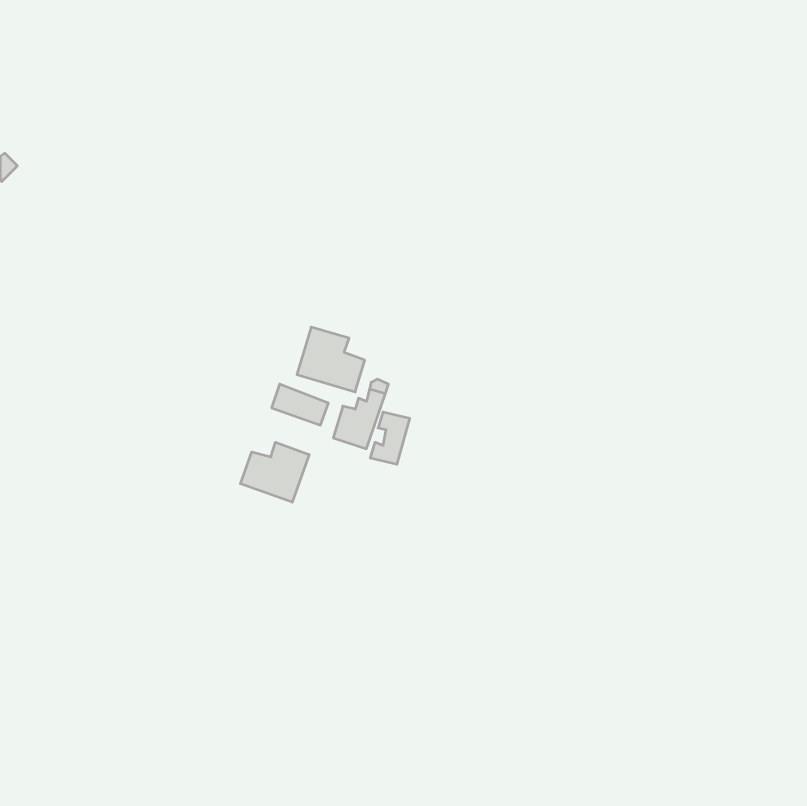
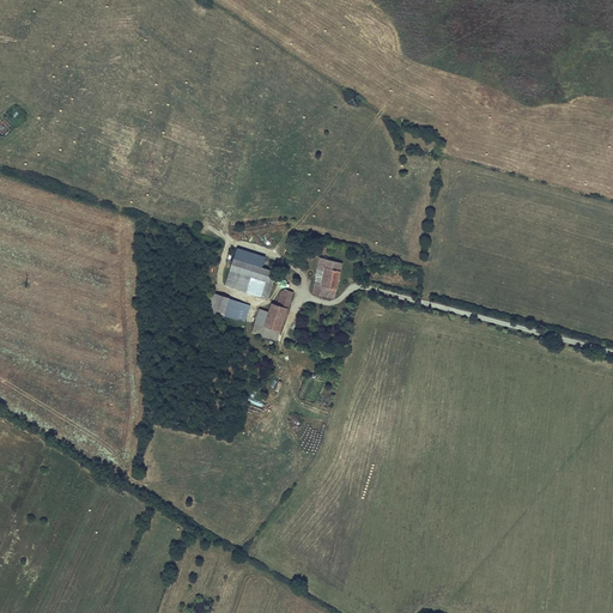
building: [370,412,410,464] -> [309,260,339,299]
building: [240,442,309,502] -> none

